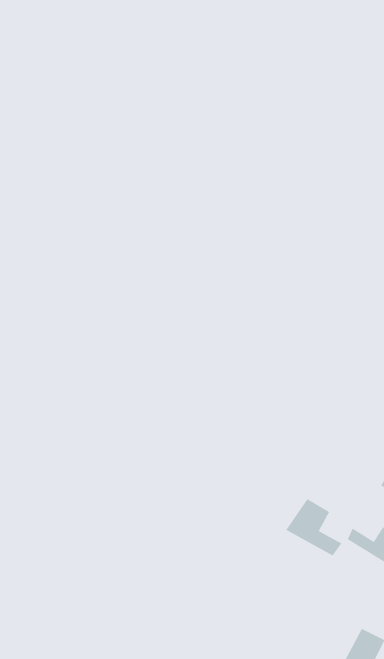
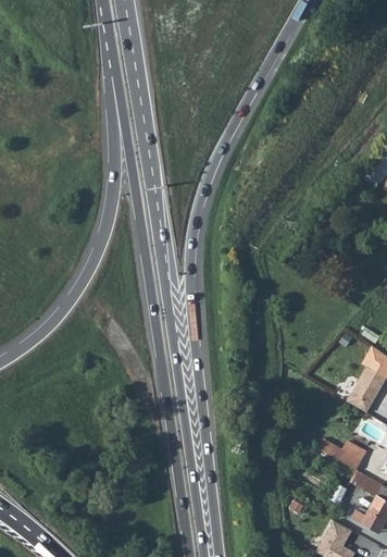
building: [285,498,342,556] -> none

